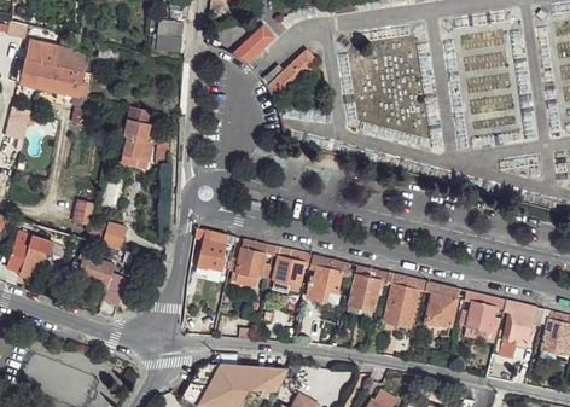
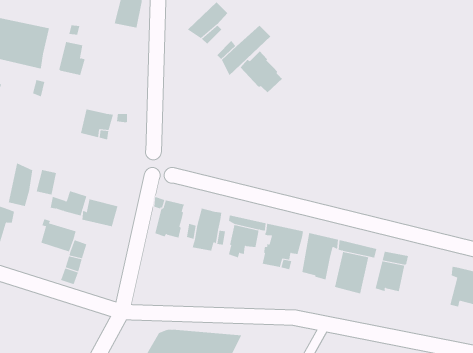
building: none -> [240,50,283,93]
building: [123,106,151,141] -> [59,42,85,75]
building: none -> [8,163,33,207]
building: none -> [82,198,118,227]
building: [458,291,499,335] -> none

